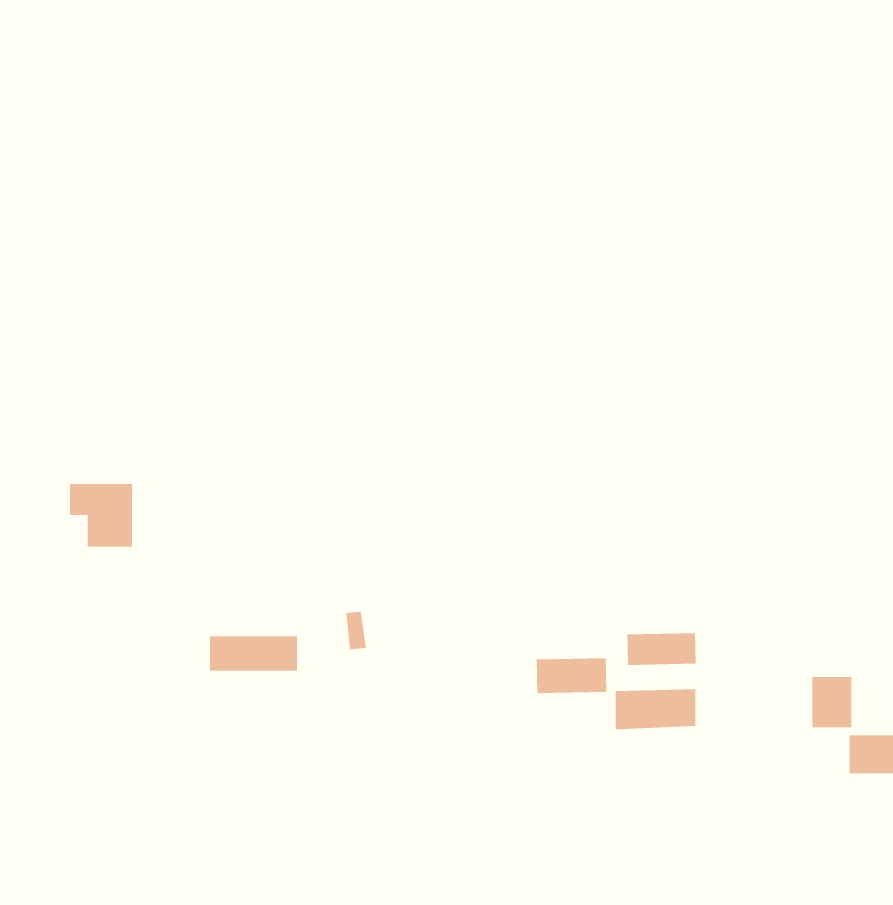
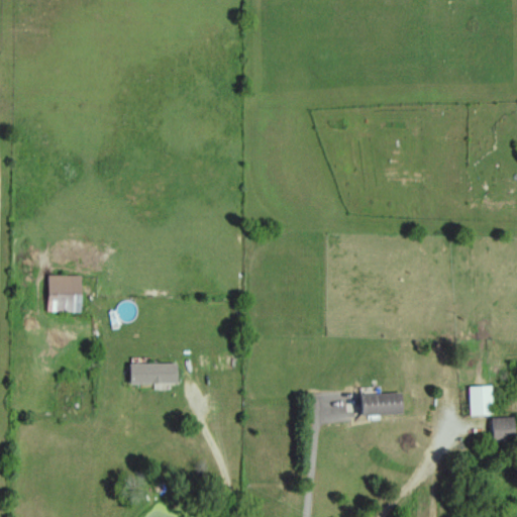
building: [627,632,696,666] -> none
building: [536,657,607,694] -> none

